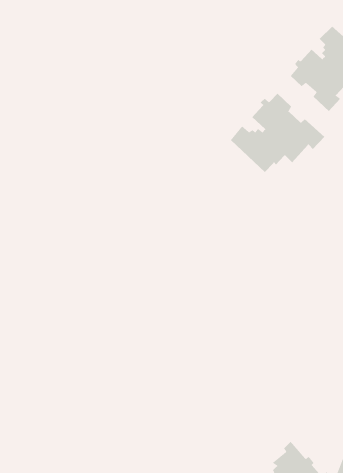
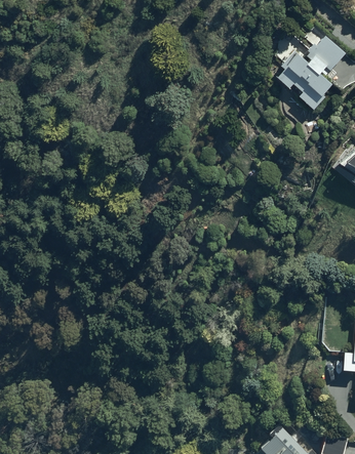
building: [230,93,325,173] -> none

